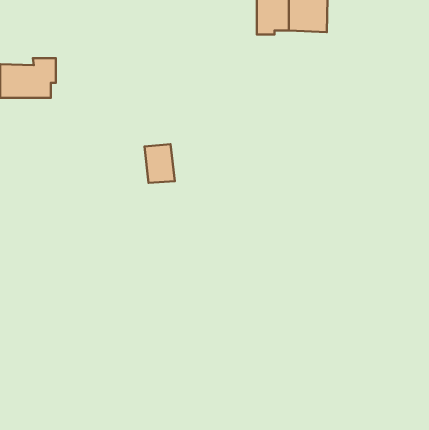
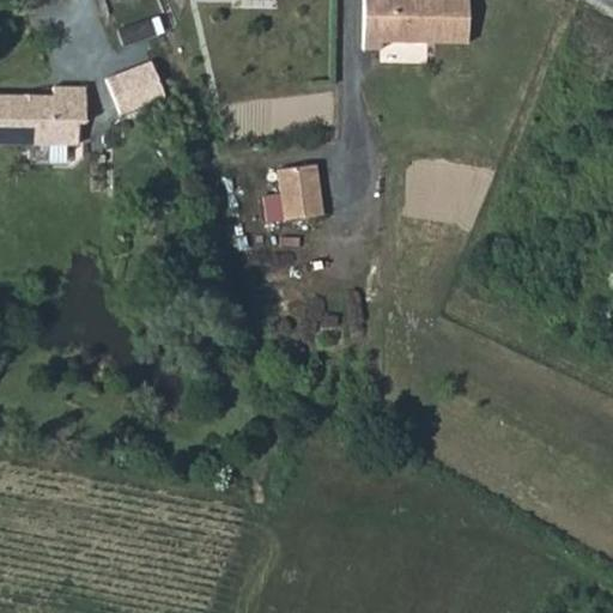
building: none -> [105,61,163,111]
building: [144,144,175,183] -> [279,166,322,221]

